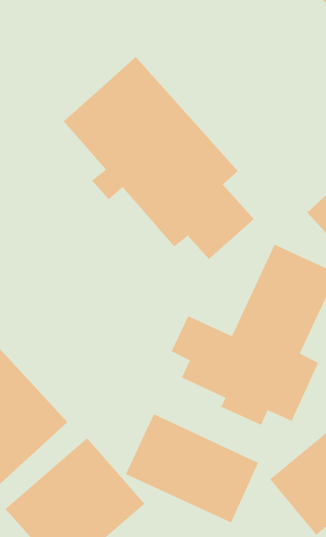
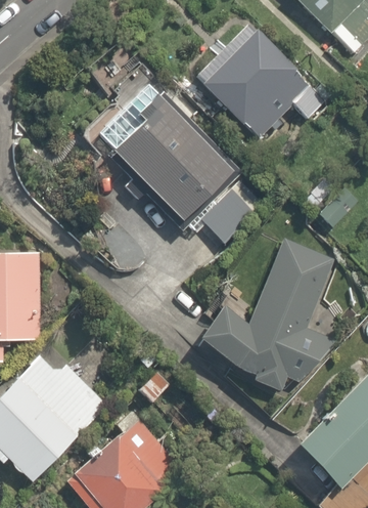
building: none -> [202,31,314,142]
building: [125,413,259,524] -> none

